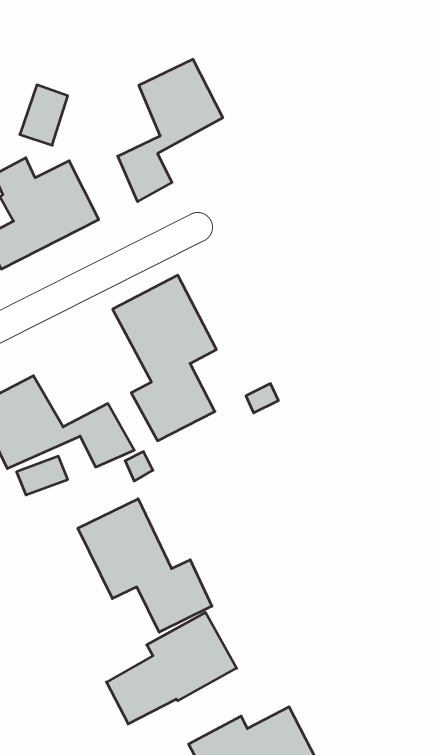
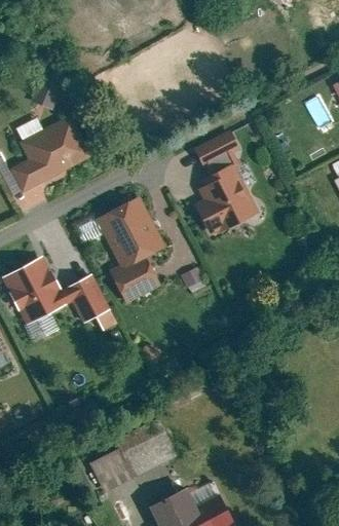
building: [118,59,223,202] -> none
building: none -> [192,127,258,236]
building: [78,499,212,632] -> none

